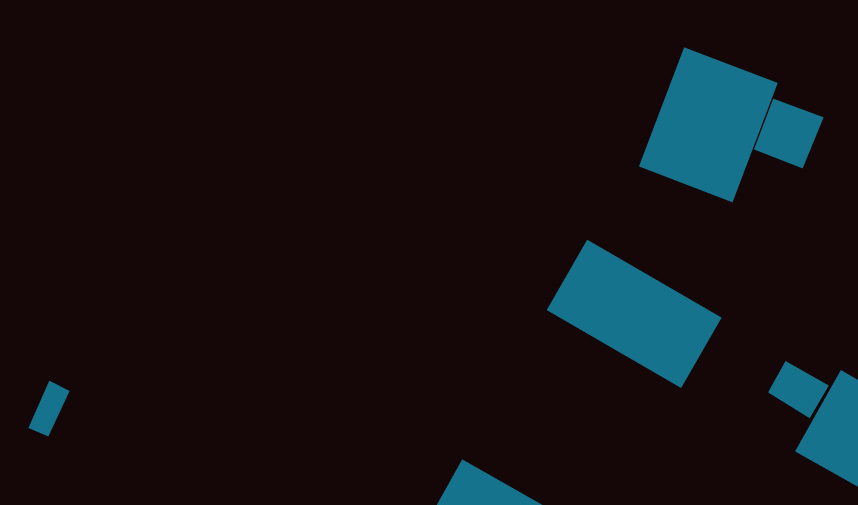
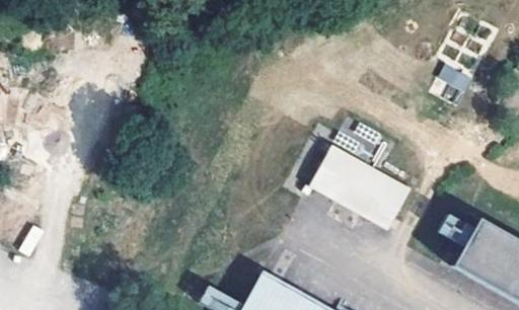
building: [638,46,778,203] -> none

